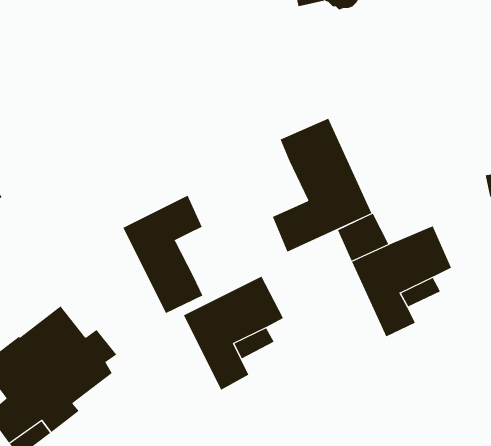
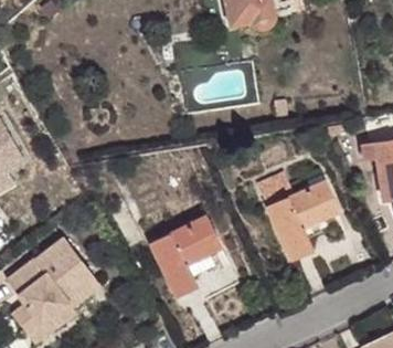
building: [272,118,372,252] -> none
building: [123,195,203,314] -> none

